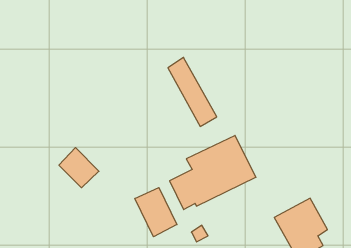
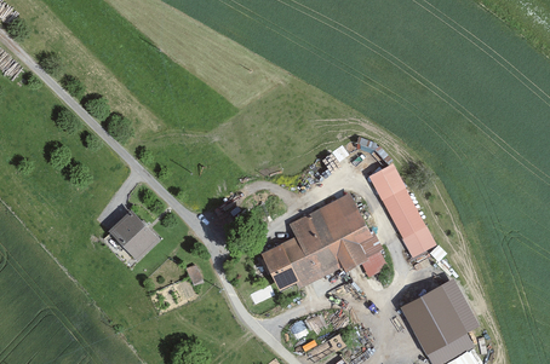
building: [168,57,217,126] -> [368,161,436,256]
building: [135,188,177,237] -> none

